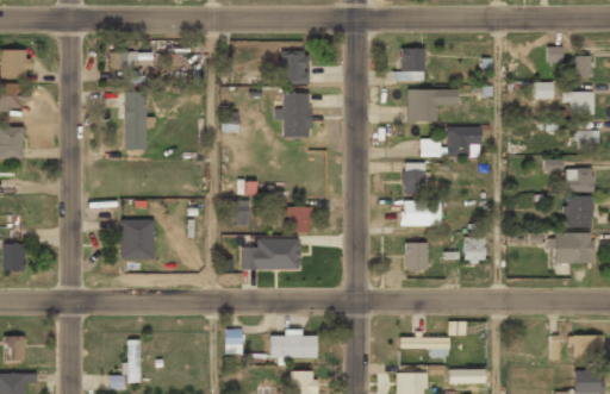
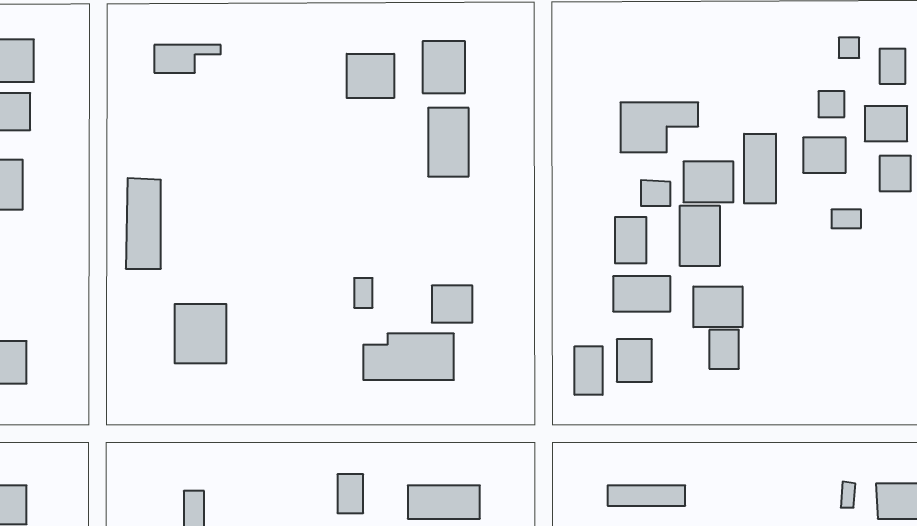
building: [392,49,424,81] -> none
building: none -> [347,54,394,98]
building: [124,92,147,150] -> [126,178,161,269]
building: none -> [744,134,776,203]
building: none -> [680,206,720,266]
building: [566,169,593,192] -> [803,138,846,173]
building: [565,196,593,227] -> none
building: none -> [693,286,742,327]
building: [552,233,592,263] -> none
building: none -> [575,346,603,395]

